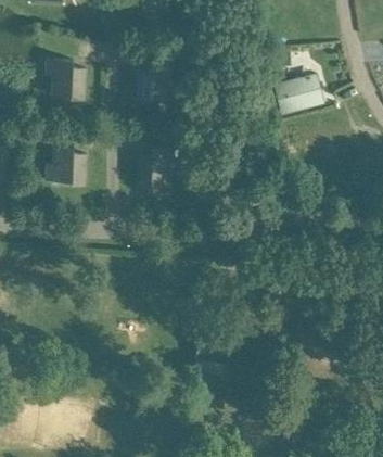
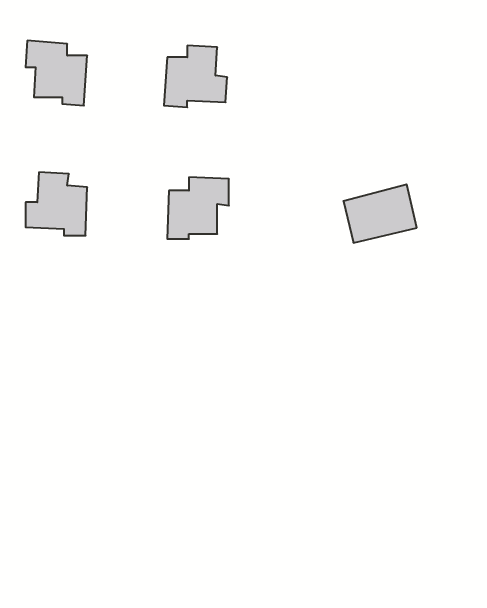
building: [276,74,323,112] -> [343,184,417,243]

